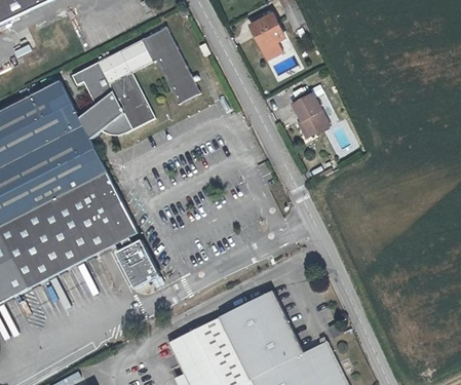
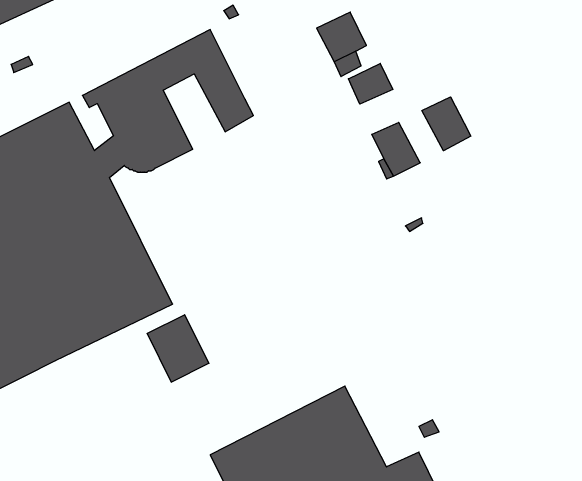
building: none -> [348,63,393,104]
building: none -> [422,97,471,151]

